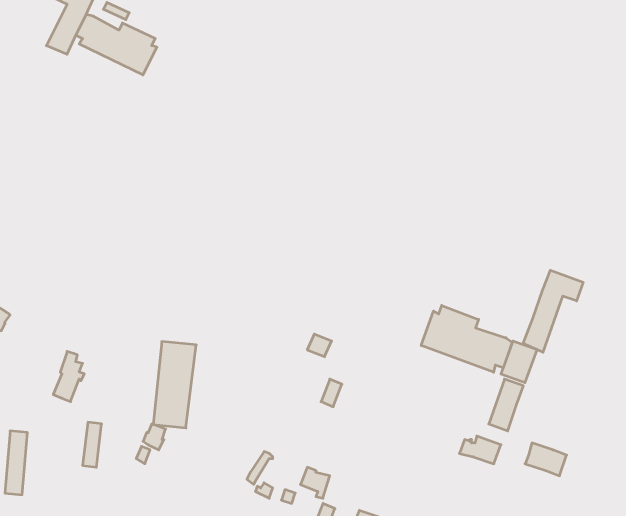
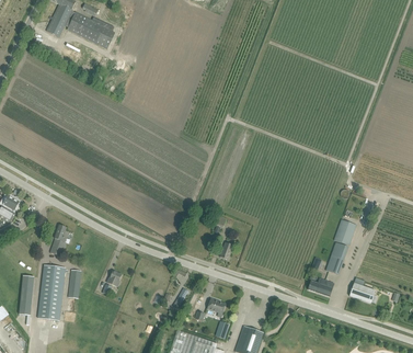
building: [523,270,583,352] -> none
building: [421,305,512,372] -> none
building: [153,342,196,428] -> [37,265,65,320]

